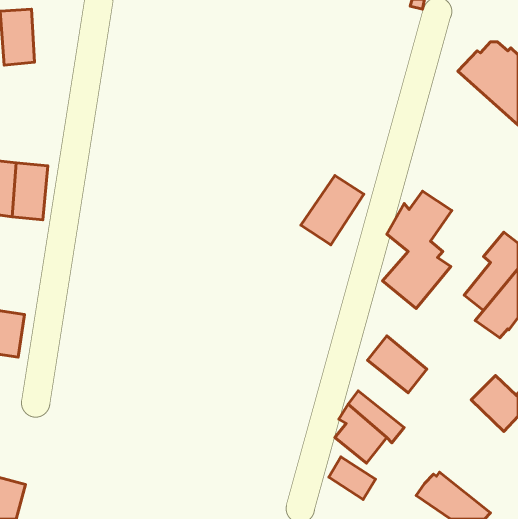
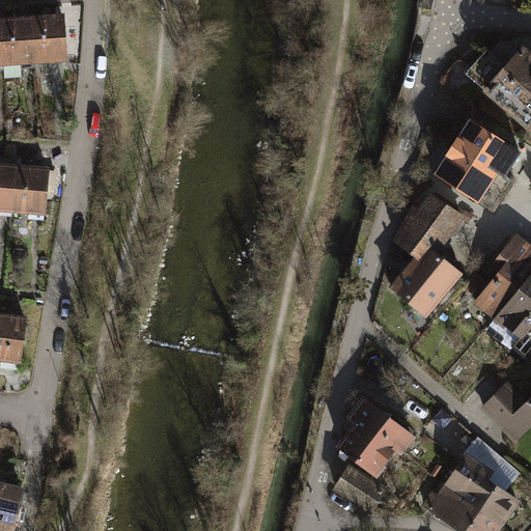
building: none -> [32,7,67,63]
building: none -> [435,107,519,209]
building: [301,176,364,245] -> none
building: [367,336,427,393] -> none
building: none -> [448,437,519,523]

